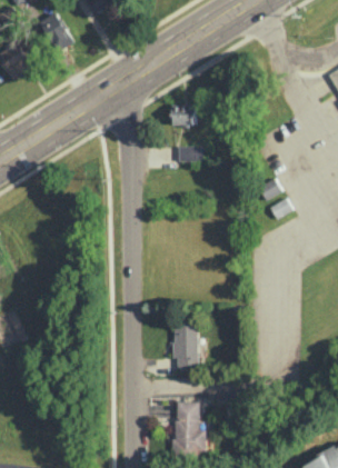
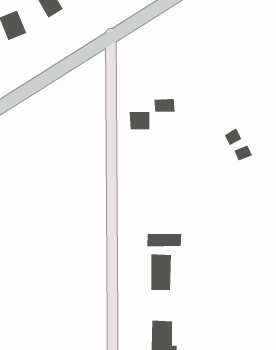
building: [171,104,196,126] -> [129,111,150,130]
building: none -> [147,233,182,247]

